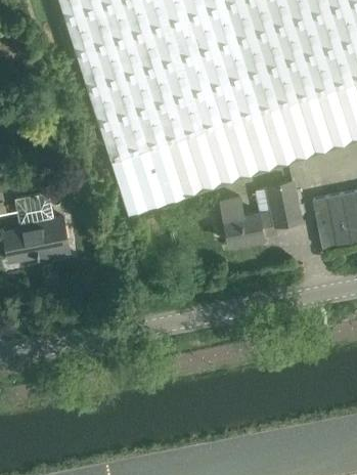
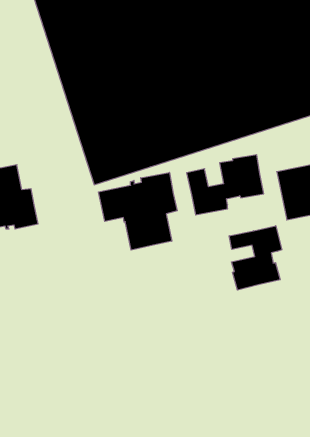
building: none -> [99,172,177,250]
building: none -> [229,226,282,290]

